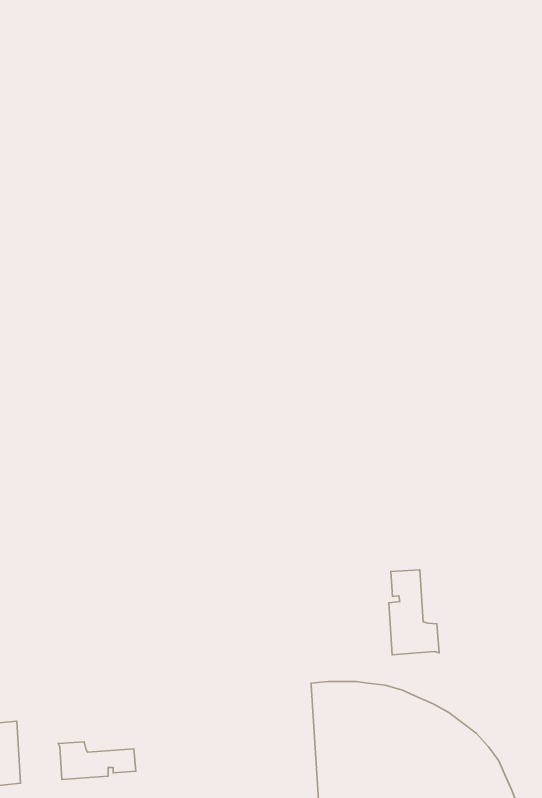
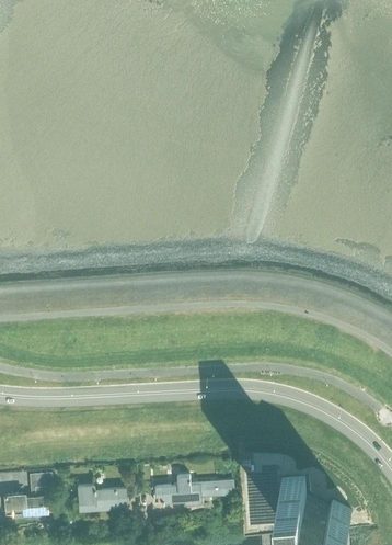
building: [389,570,439,655] -> none
building: none -> [154,476,234,510]

